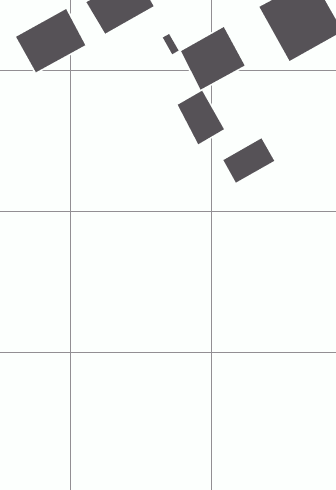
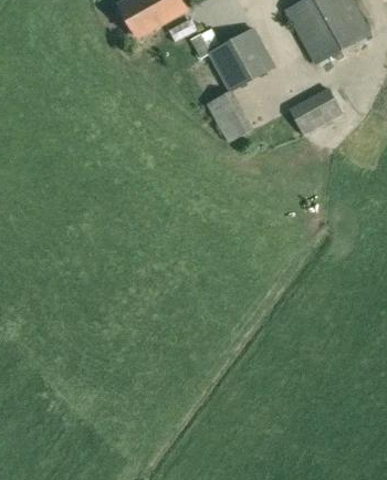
building: [15,8,87,73] -> none
building: [222,137,276,184] -> [291,88,343,134]

